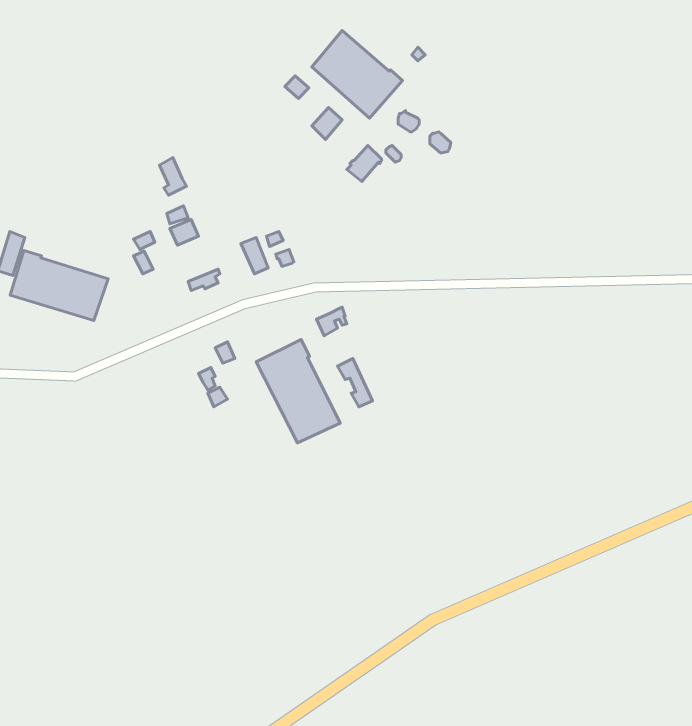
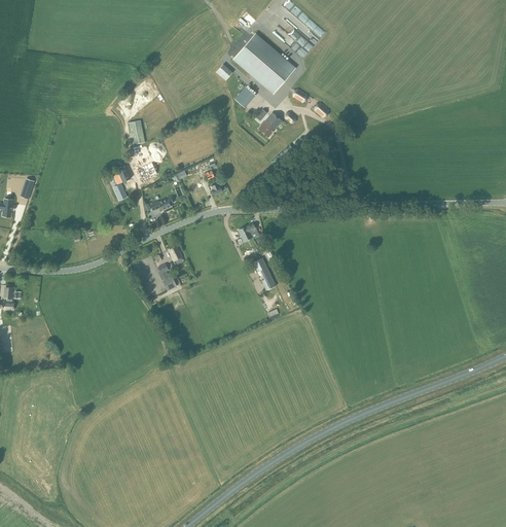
building: [10,251,108,320] -> none
building: [256,339,340,443] -> none

